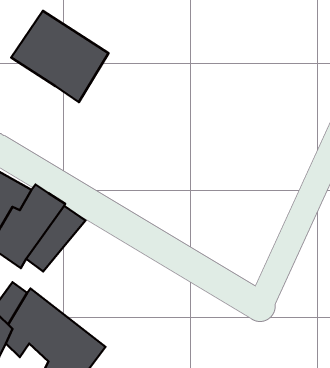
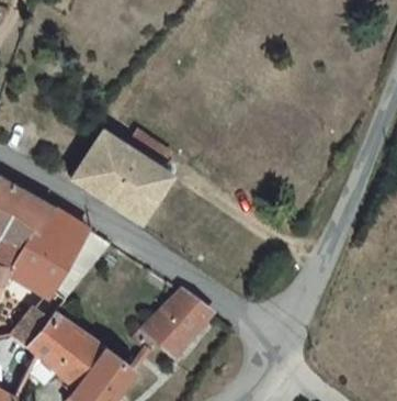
building: [11,11,109,102] -> [71,130,172,224]
building: none -> [134,292,214,357]

